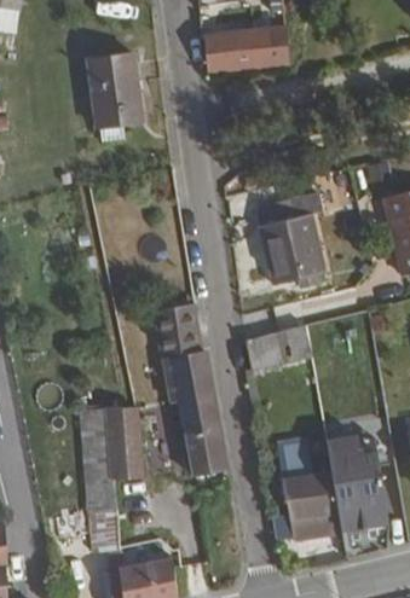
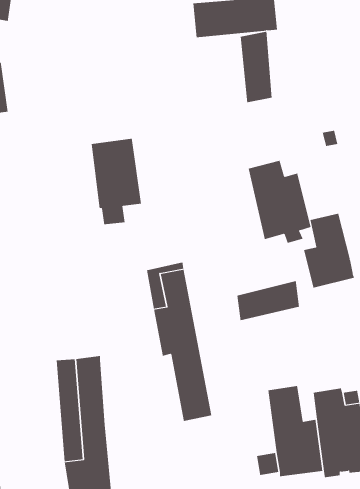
building: [86,58,139,149] -> [91,138,142,225]
building: none -> [240,31,272,103]
building: none -> [304,213,355,288]
building: [106,405,143,476] -> none

